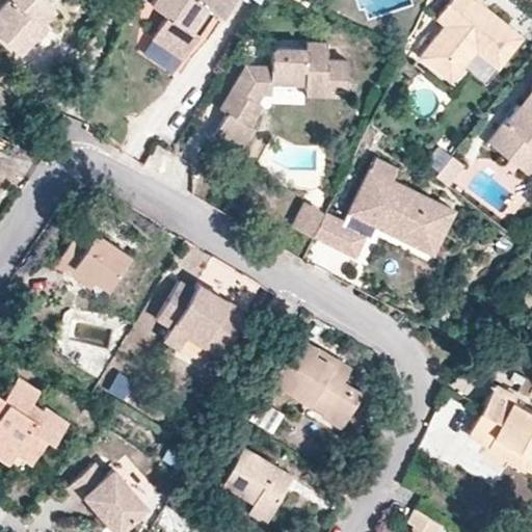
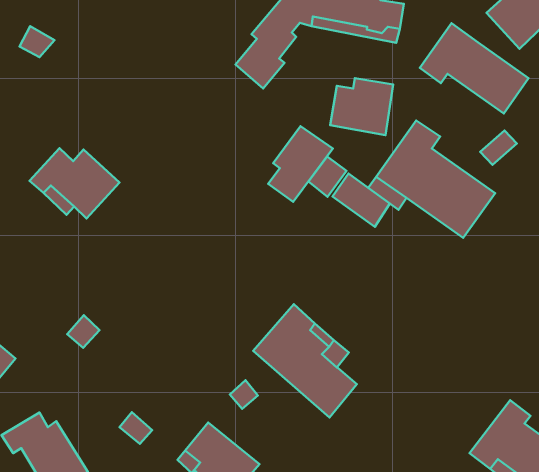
building: none -> [420,23,529,114]
building: none -> [330,78,393,135]
building: none -> [268,126,333,202]
building: [156,282,248,358] -> none

